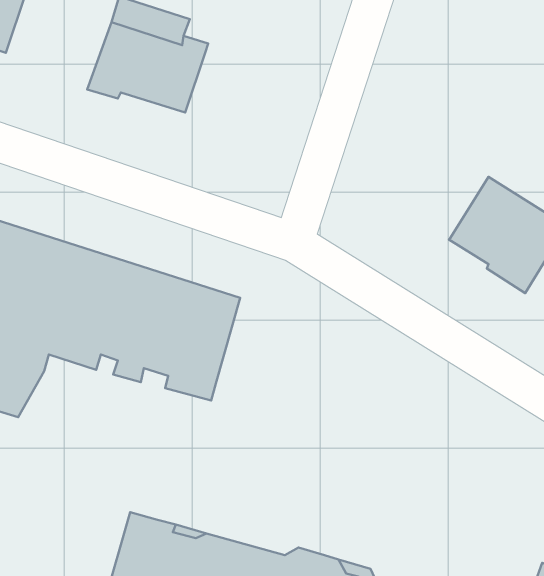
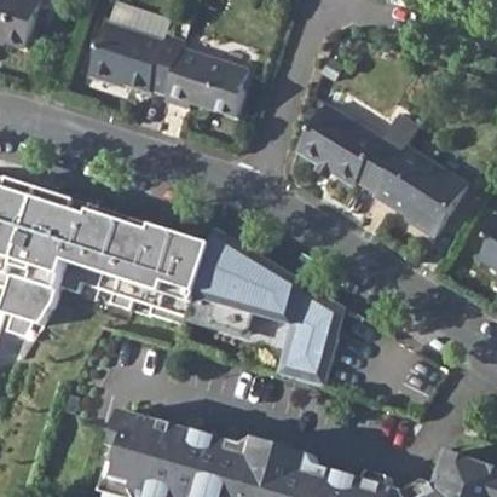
building: none -> [166,48,249,119]
building: none -> [296,105,415,195]
building: none -> [191,231,340,387]

